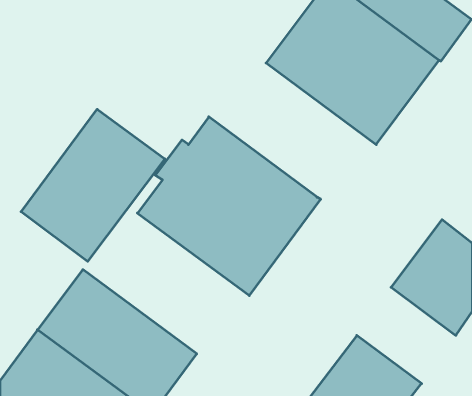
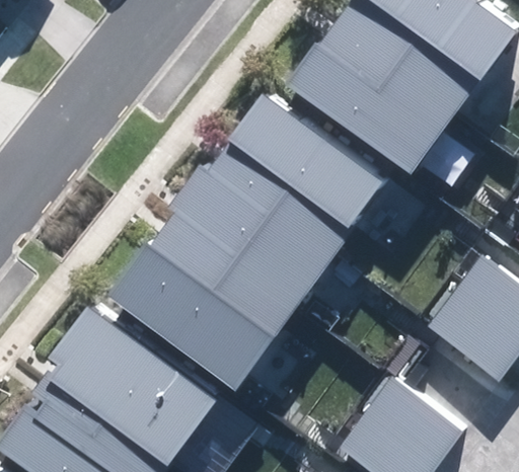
building: none -> [229,95,383,230]
building: [21,109,165,261] -> none
building: none -> [106,243,274,390]

